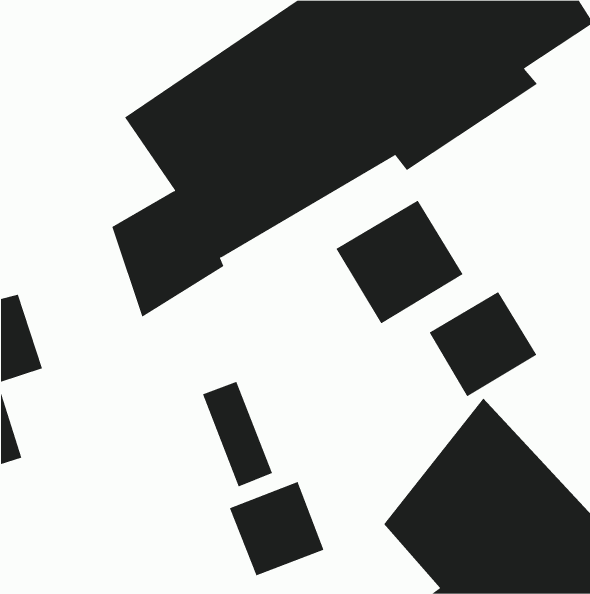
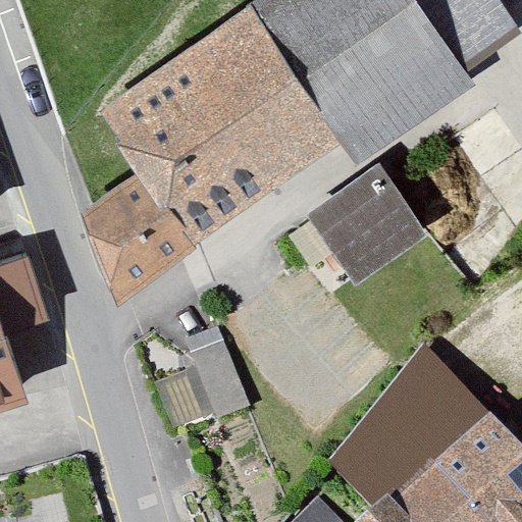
building: [429,291,537,397] -> none
building: [229,481,324,576] -> none

